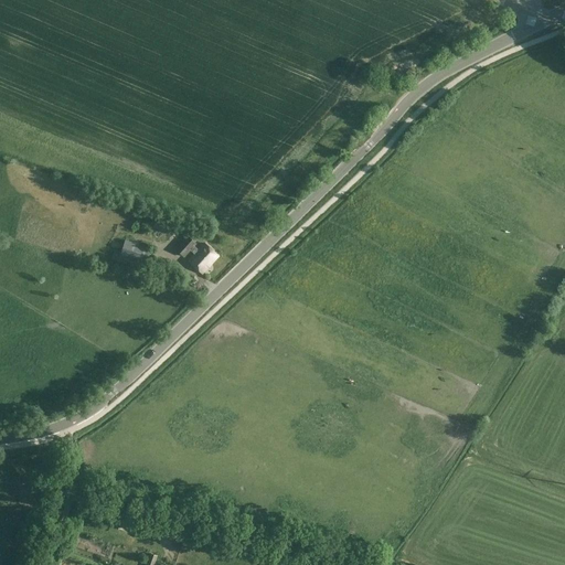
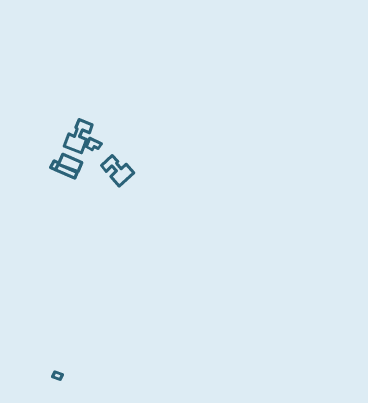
building: none -> [64,119,92,153]

